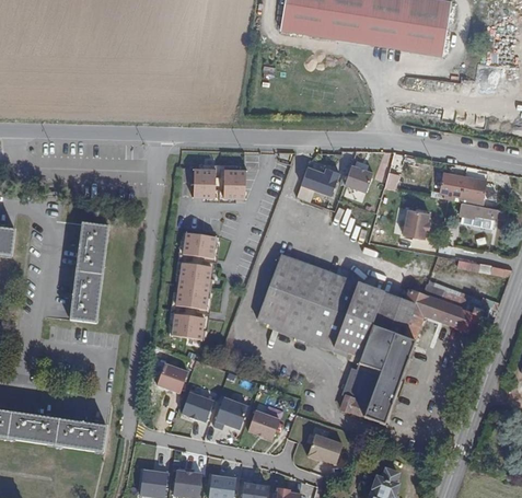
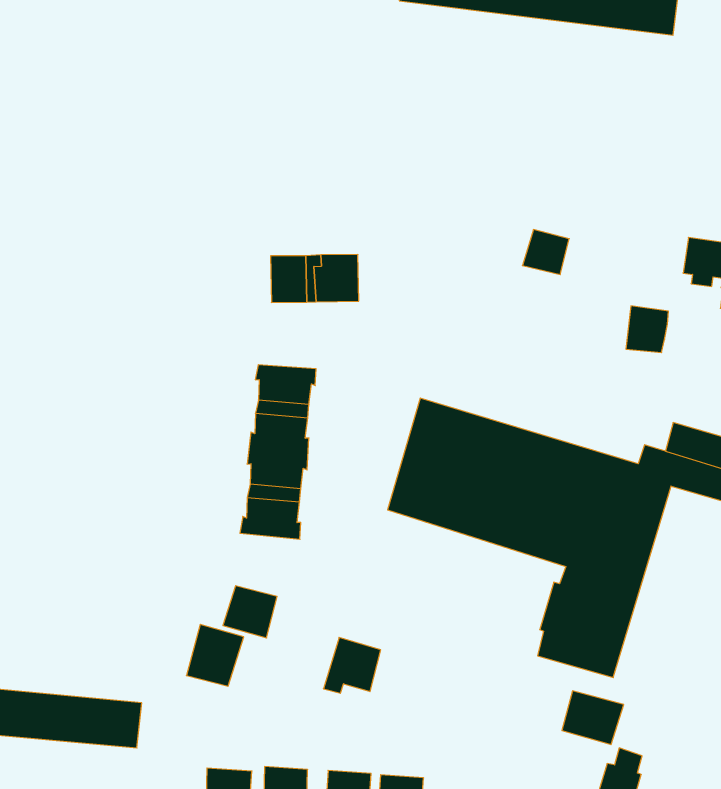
building: [301,159,339,193] -> none
building: [69,223,107,323] -> none
building: [181,384,216,421] -> [186,624,244,686]
building: [246,409,279,441] -> none
building: [306,431,344,464] -> [562,691,624,745]

